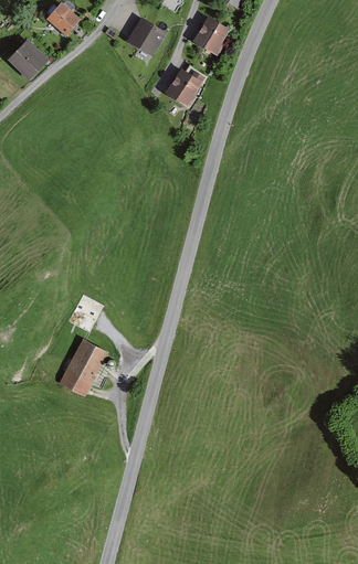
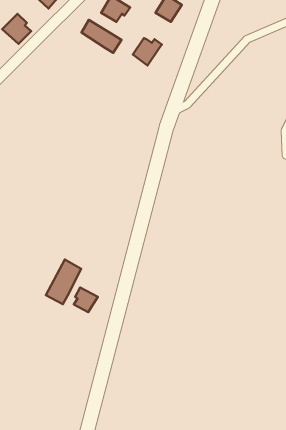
building: none -> [81,20,121,53]
building: none -> [74,287,98,312]

